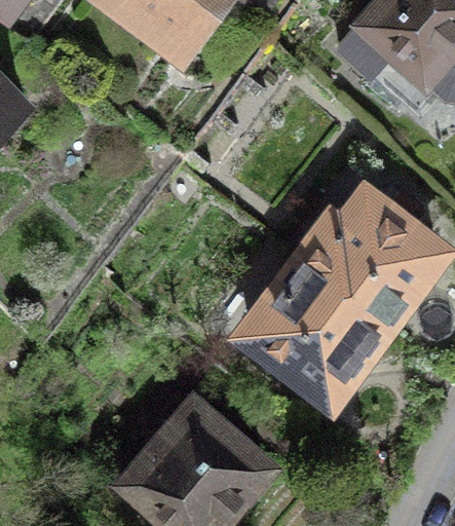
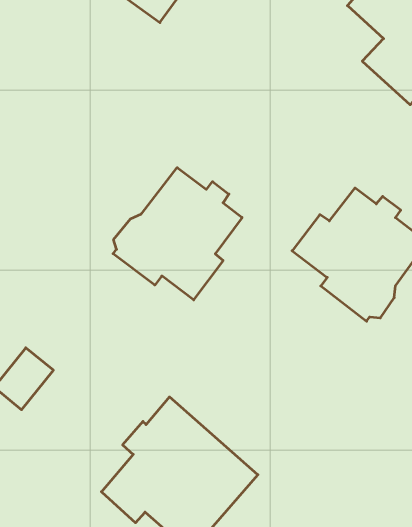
building: none -> [113,168,242,300]
building: [251,254,378,386] -> none

